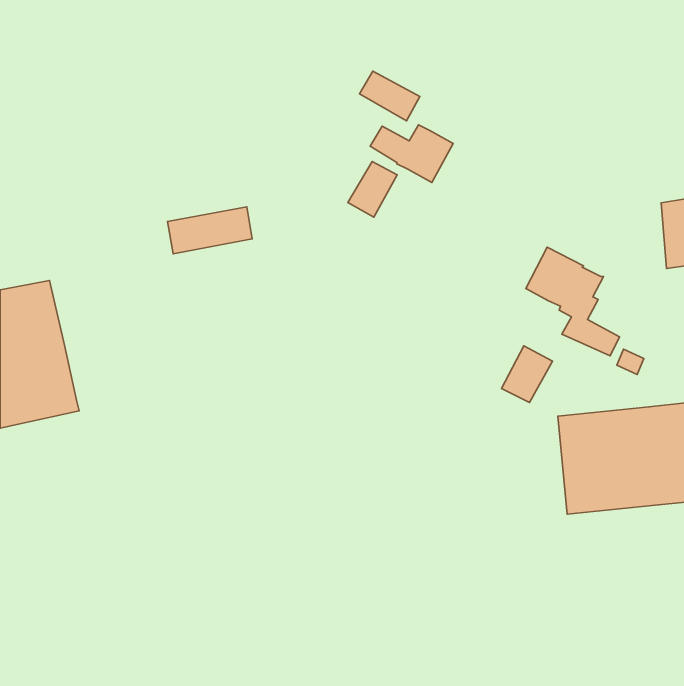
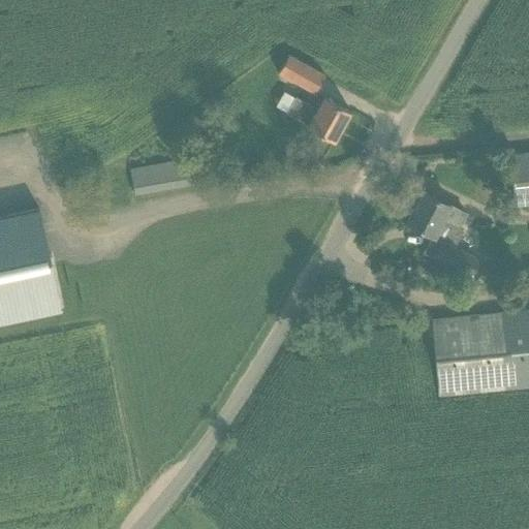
building: [348,161,397,217] -> none
building: [502,346,553,403] -> none

